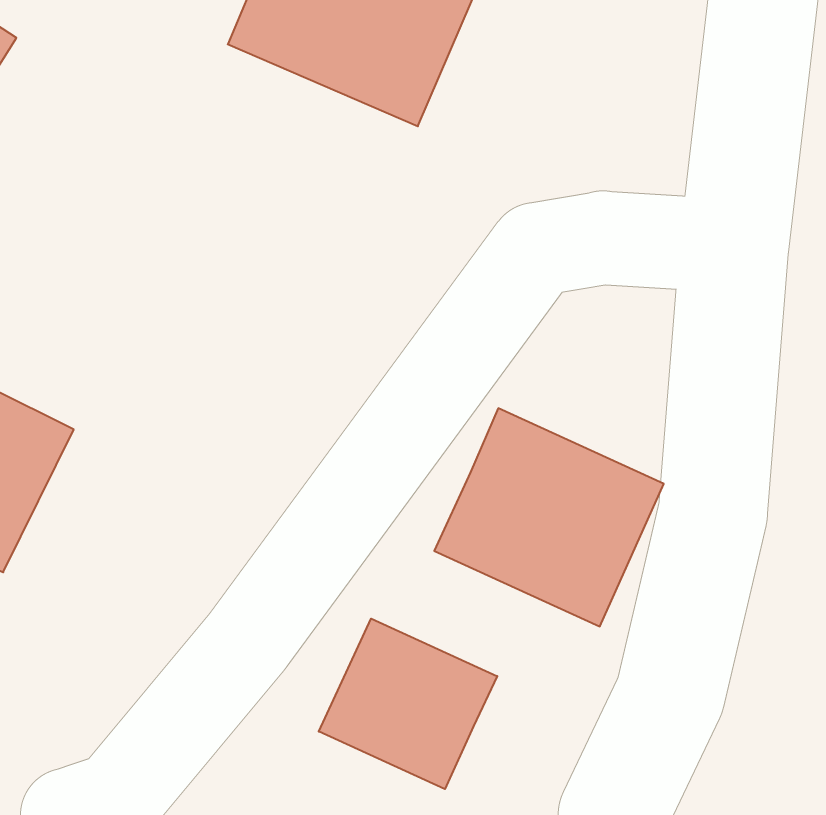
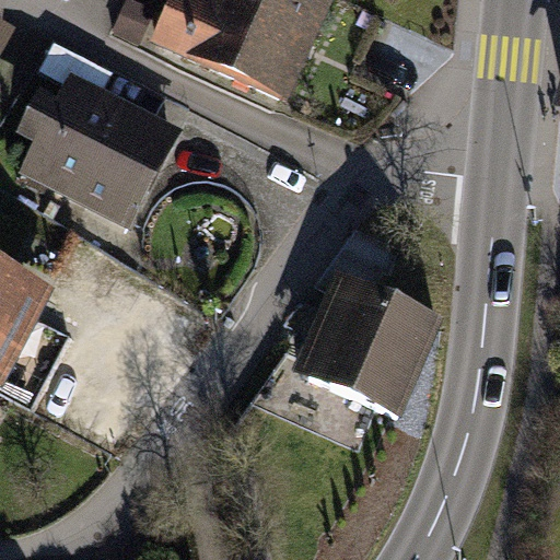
building: none -> [15,70,177,222]
building: [319,619,497,789] -> none

